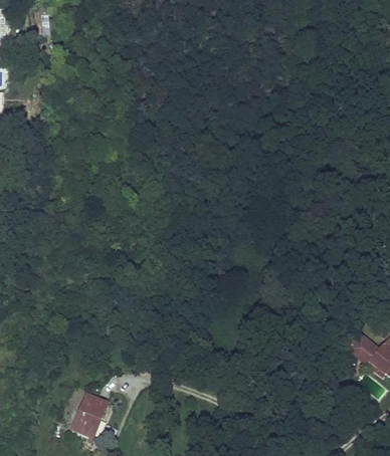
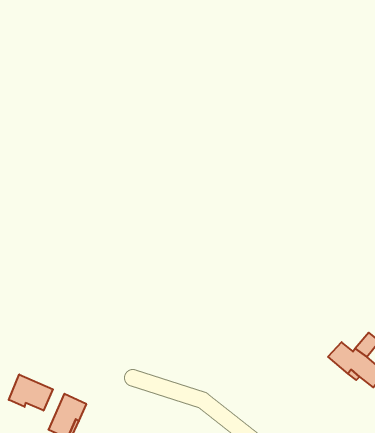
building: none -> [9,374,53,411]

